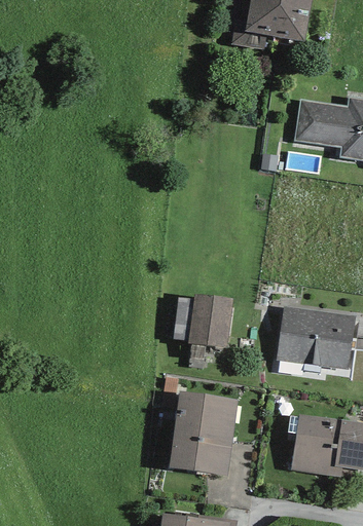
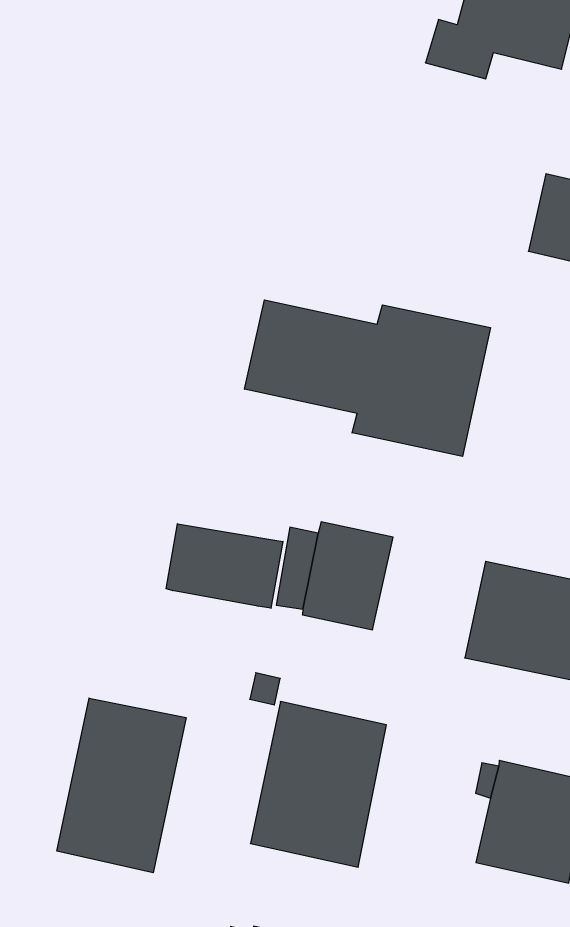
building: none -> [245,300,490,456]
building: none -> [166,524,283,608]
building: none -> [57,698,186,873]

